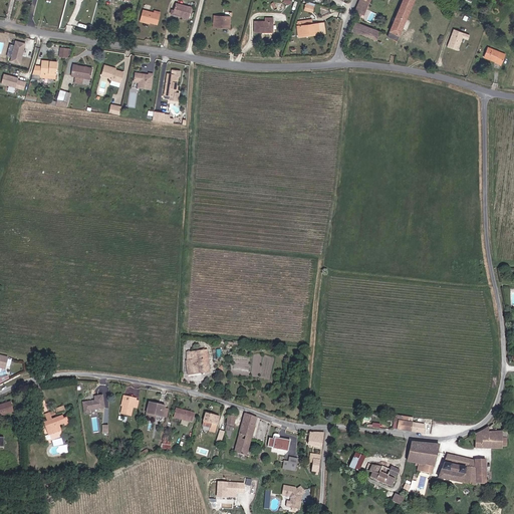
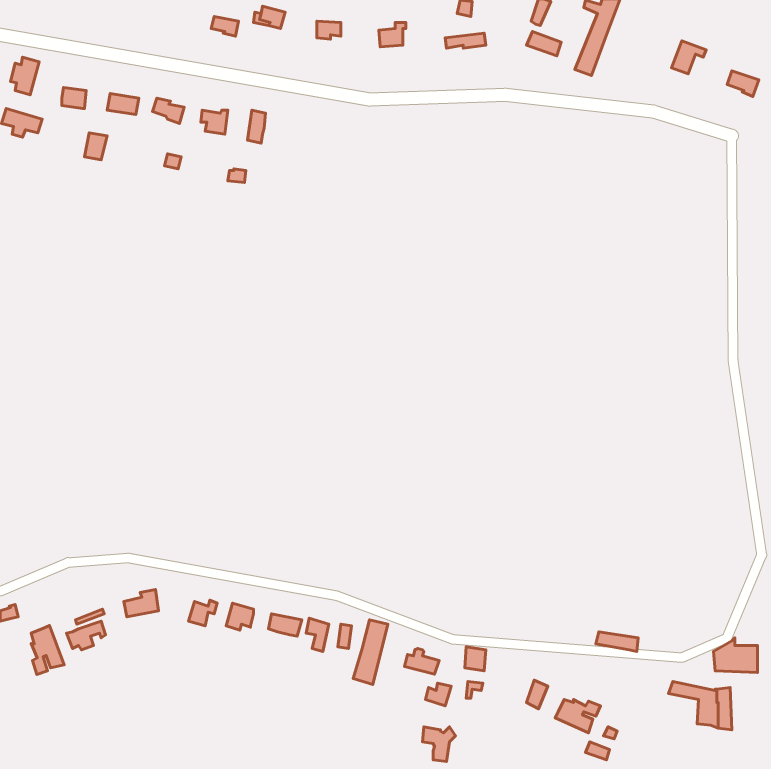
building: [186,350,209,373] -> none
building: none -> [31,625,64,675]
building: [409,442,439,473] -> none
building: [439,462,465,482] -> none
building: [216,479,245,497] -> none

